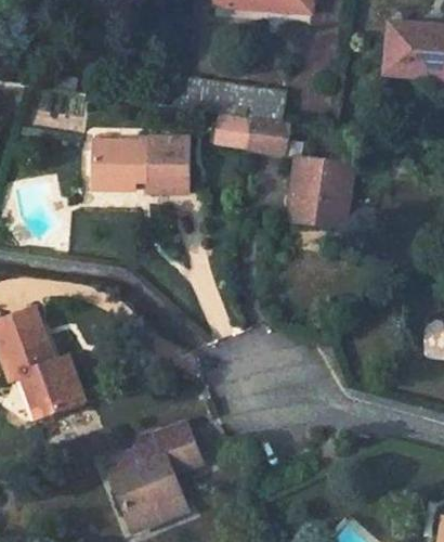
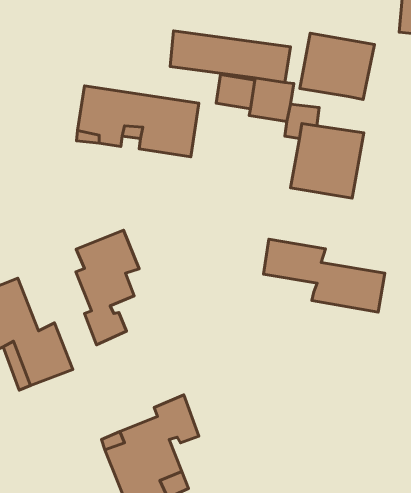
building: none -> [300,33,375,99]
building: none -> [76,230,139,345]
building: none -> [264,239,385,312]

